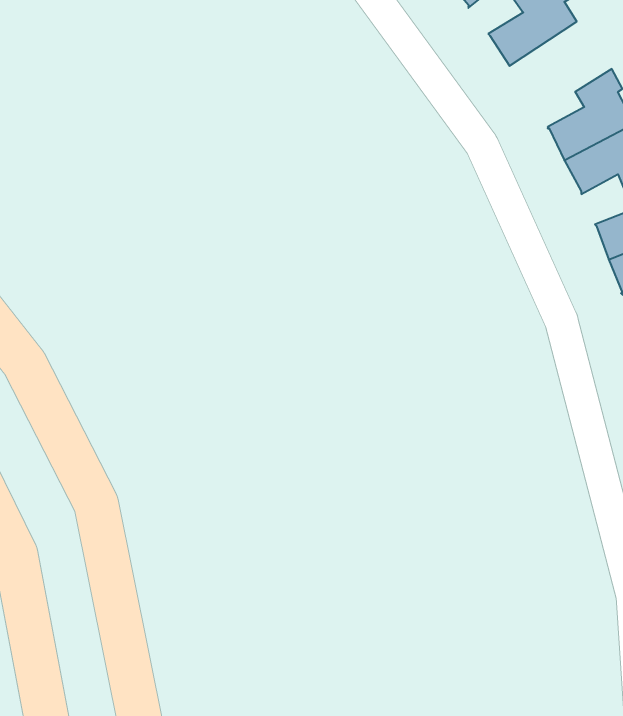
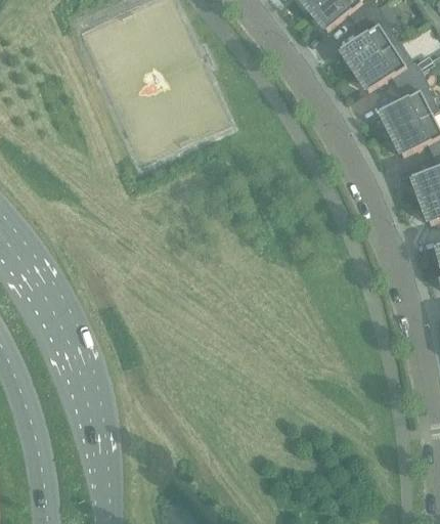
building: none -> [353,39,422,90]

